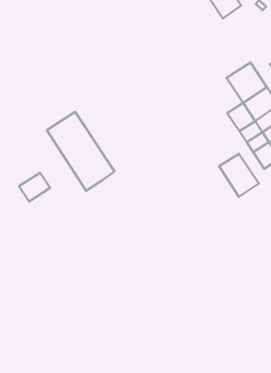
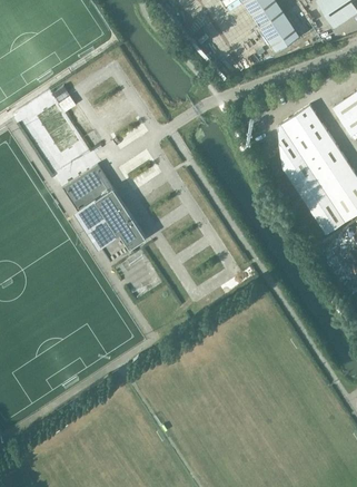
building: none -> [278,125,301,167]
building: [219,154,259,197] -> none
building: [19,173,50,202] -> none

